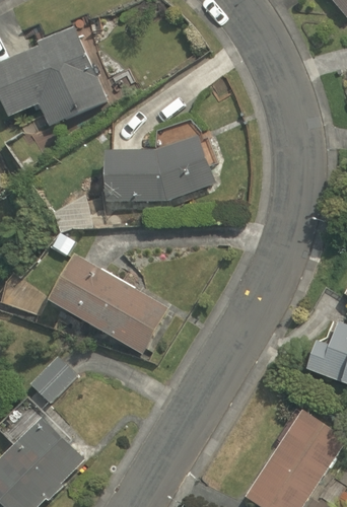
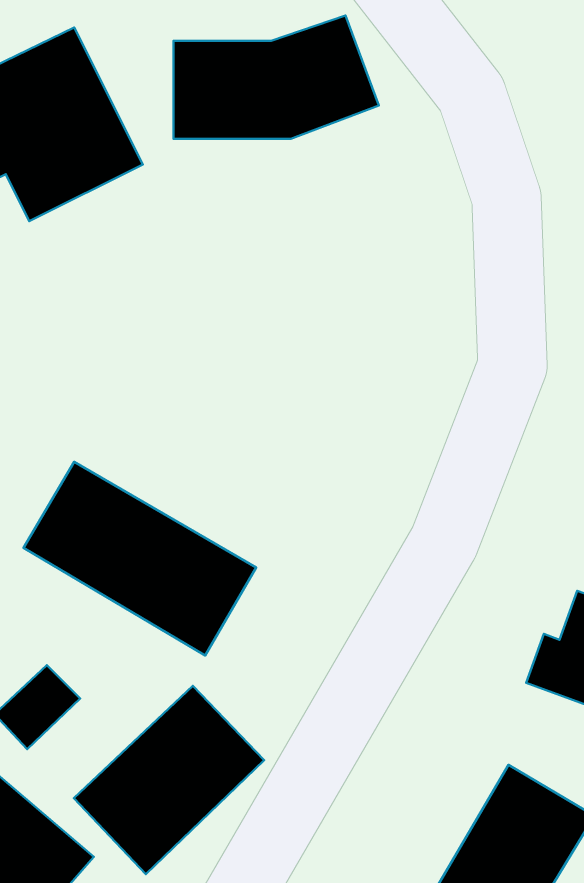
building: [105,138,211,202] -> [173,15,379,139]
building: none -> [74,686,264,874]

